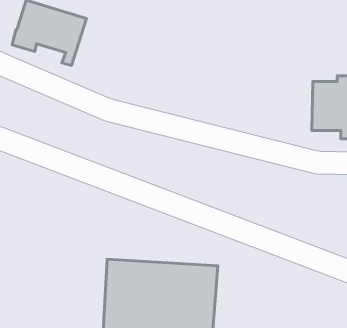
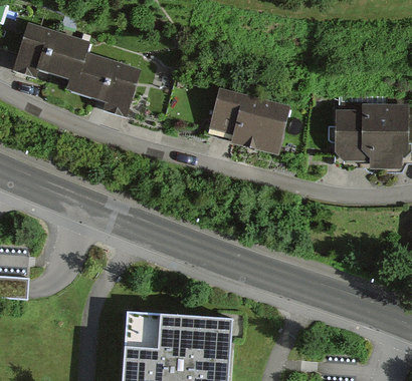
building: none -> [77,55,141,118]
building: none -> [209,88,289,155]

